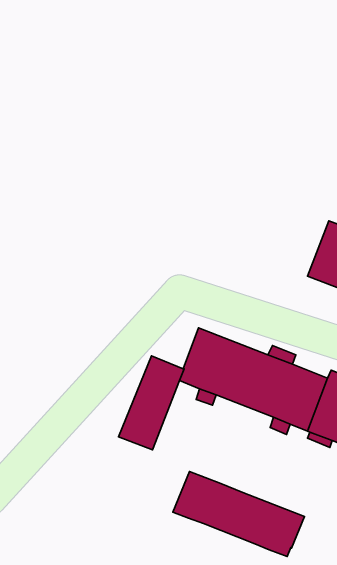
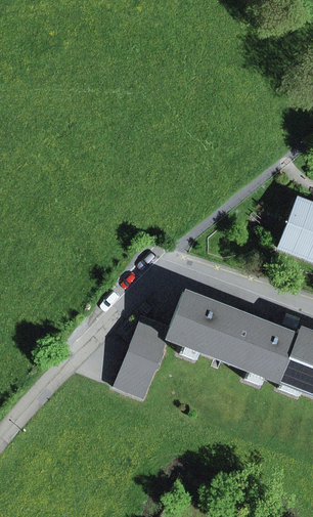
building: [173,472,305,557] -> none

